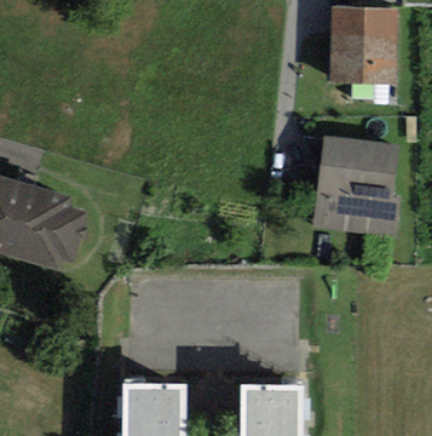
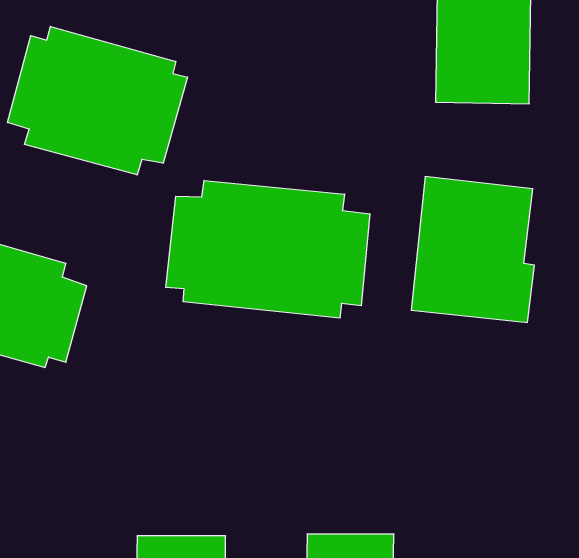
building: none -> [8,26,188,175]
building: none -> [166,180,370,318]

